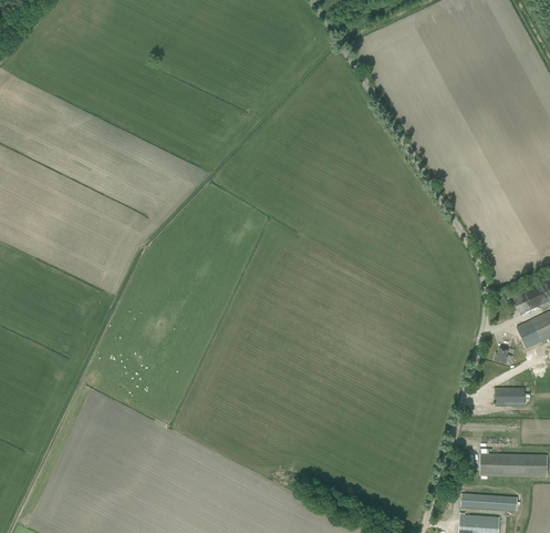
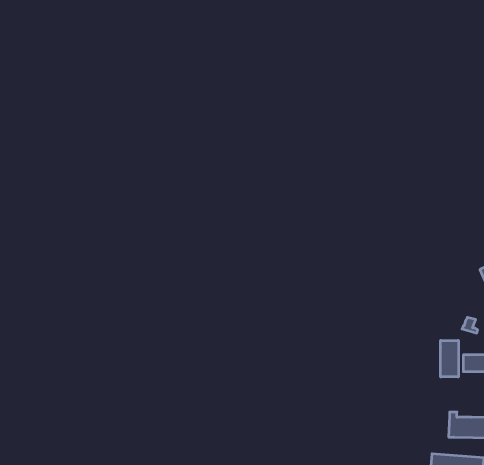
building: none -> [441,340,458,377]

